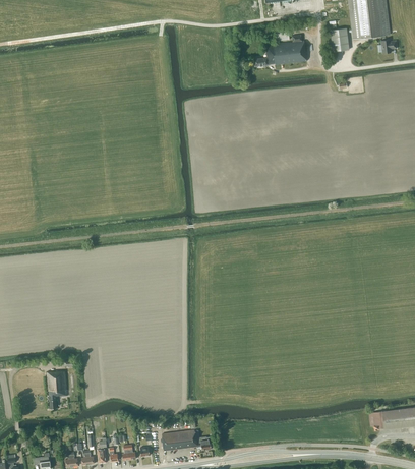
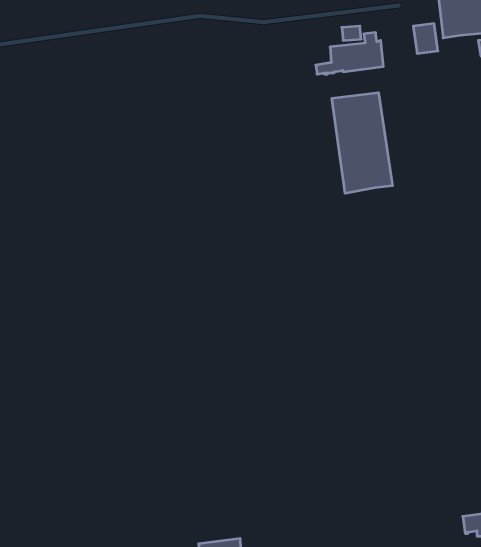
building: none -> [332,93,393,193]
building: [48,371,69,409] -> none

